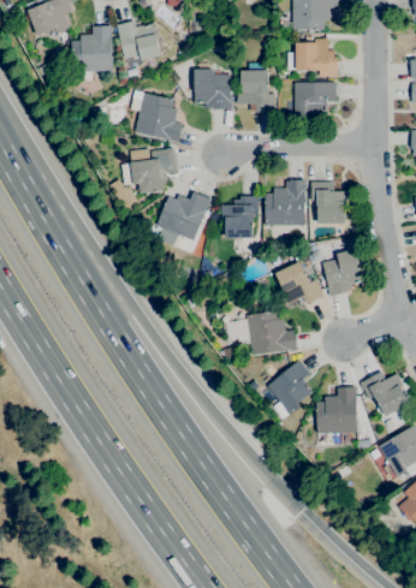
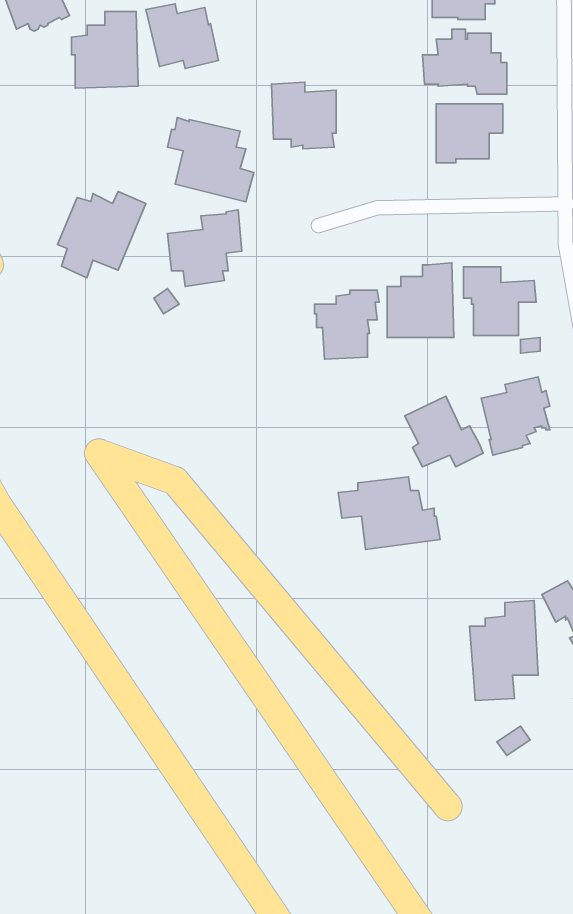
building: [237,70,275,112] -> none
building: [156,192,210,245] -> [57,192,146,278]
building: [267,360,313,414] -> none

